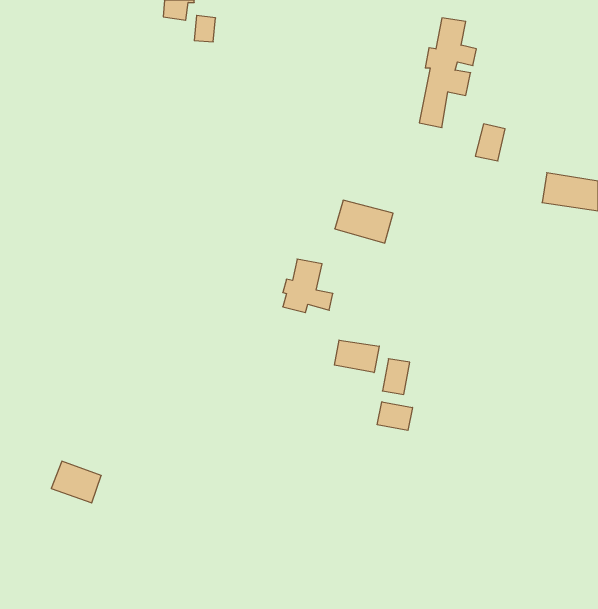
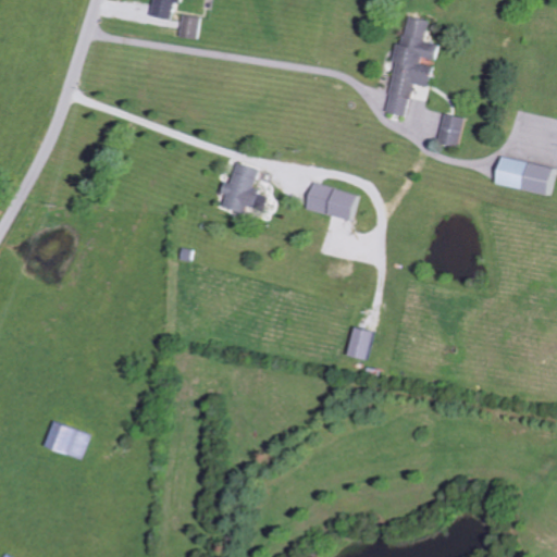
building: [283,259,333,313] -> [222,163,268,212]
building: [334,340,379,373] -> none
building: [377,402,412,430] -> none

